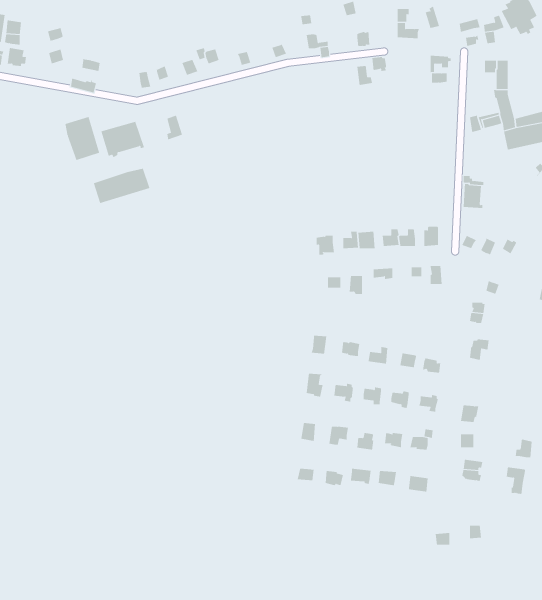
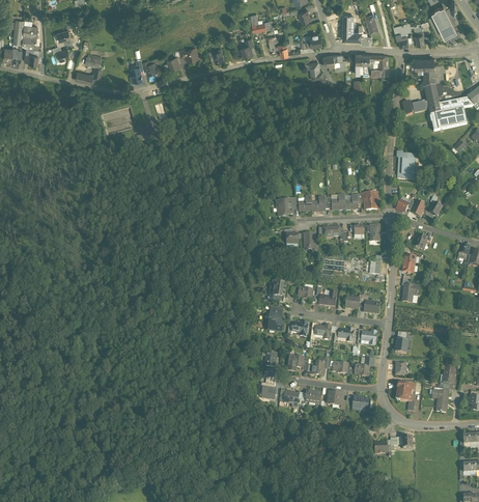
building: [65,116,100,161] -> none
building: [93,168,150,204] -> none

